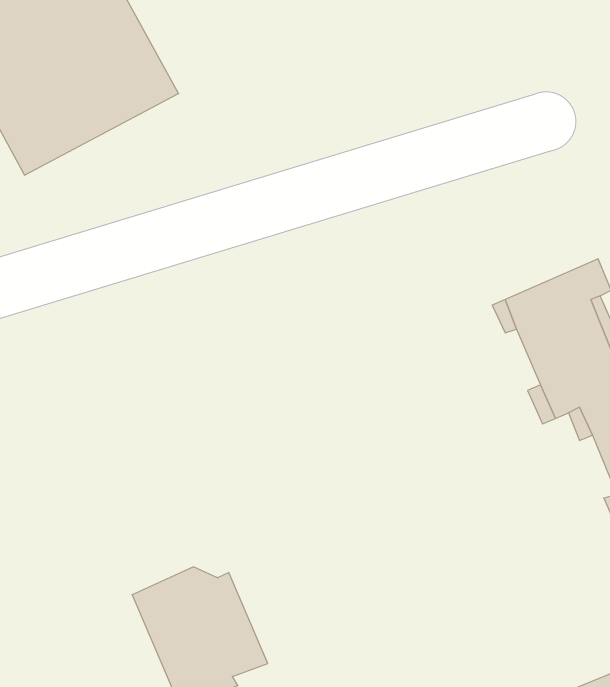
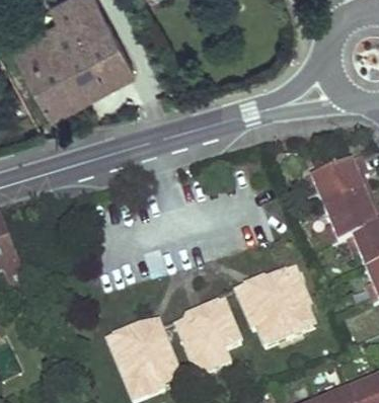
building: none -> [234,266,314,344]
building: none -> [175,301,240,372]

